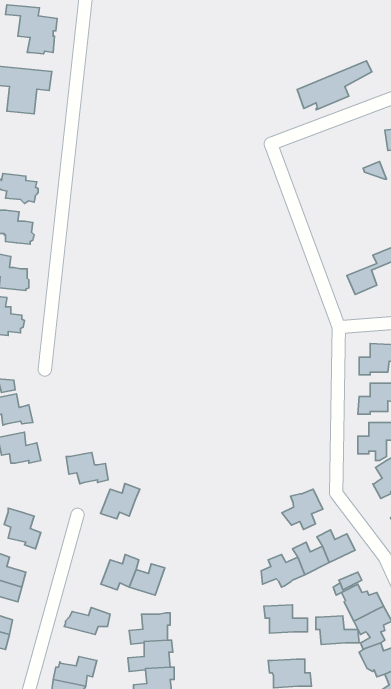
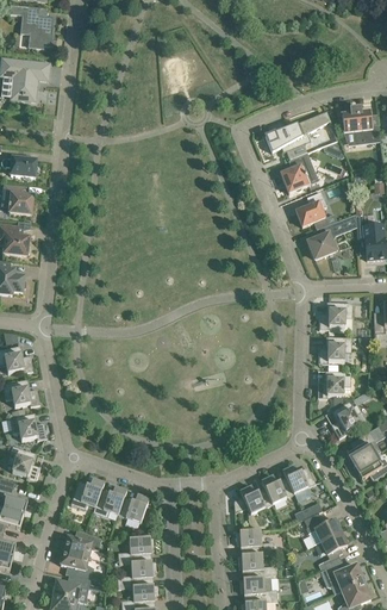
building: [297,61,372,110] -> [266,111,331,154]
building: none -> [281,152,317,193]
building: none -> [295,192,326,226]
building: [66,452,108,484] -> [10,413,46,441]
building: [101,484,140,519] -> [70,478,105,509]
building: [282,489,323,529] -> none
building: [316,616,359,644] -> [238,554,276,579]
building: none -> [60,549,94,579]

